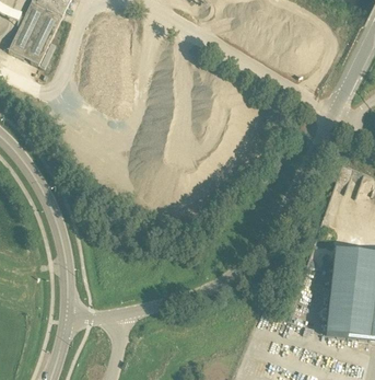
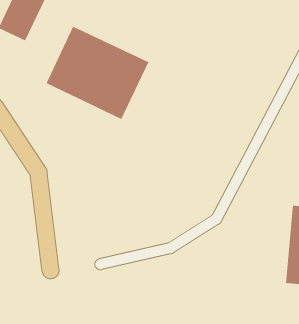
building: none -> [46,26,149,120]

